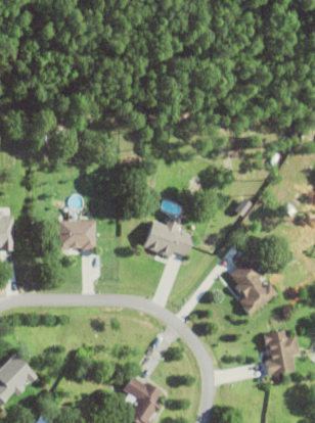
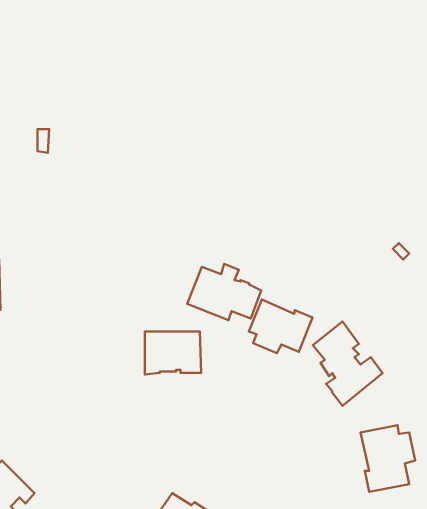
building: [56,221,95,250] -> [145,331,201,374]
building: none -> [249,300,312,353]

